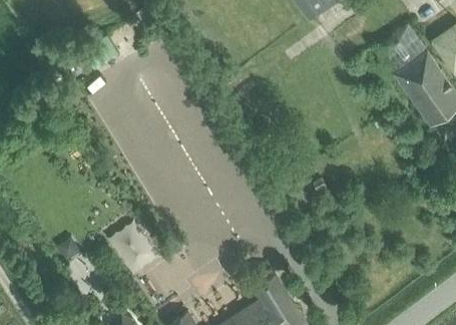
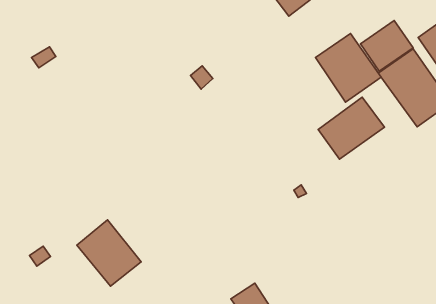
building: none -> [315,34,381,102]
building: none -> [318,97,384,159]

